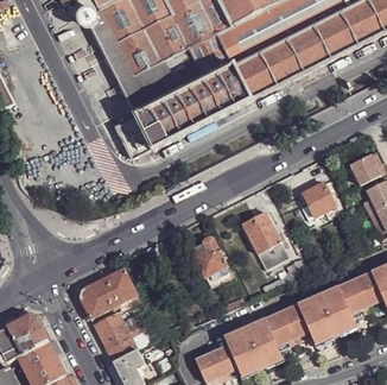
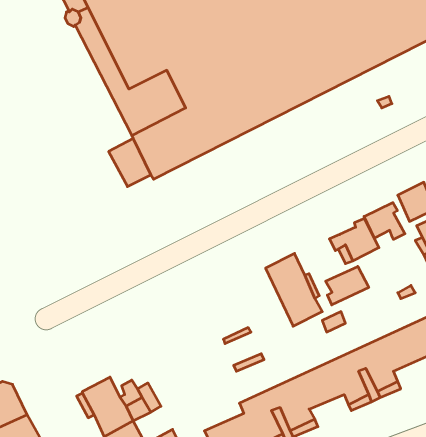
building: none -> [364,203,405,239]
building: none -> [326,266,369,305]
building: [193,238,229,278] -> none
building: [81,270,138,318] -> none

